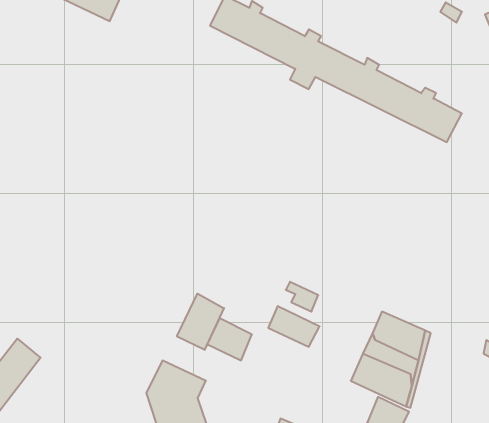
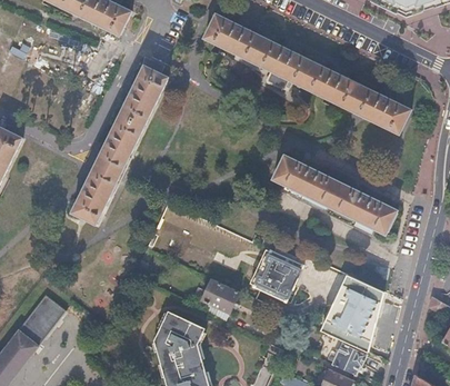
building: none -> [72,65,168,224]
building: none -> [272,154,397,234]
building: none -> [259,255,302,285]
building: [177,294,224,350] -> none

